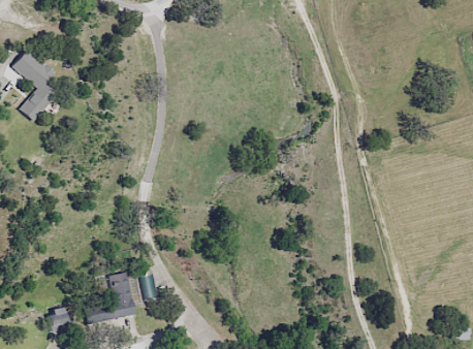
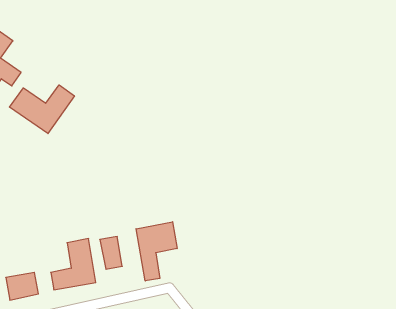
building: none -> [9,85,74,134]
building: none -> [136,222,177,281]

